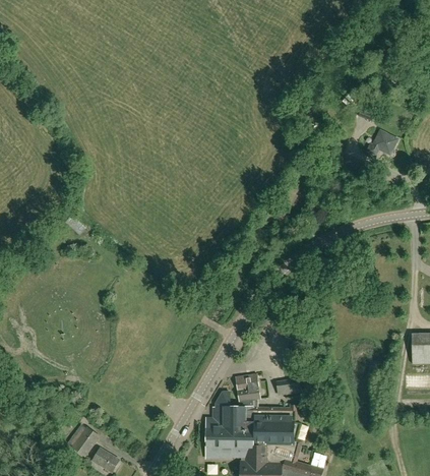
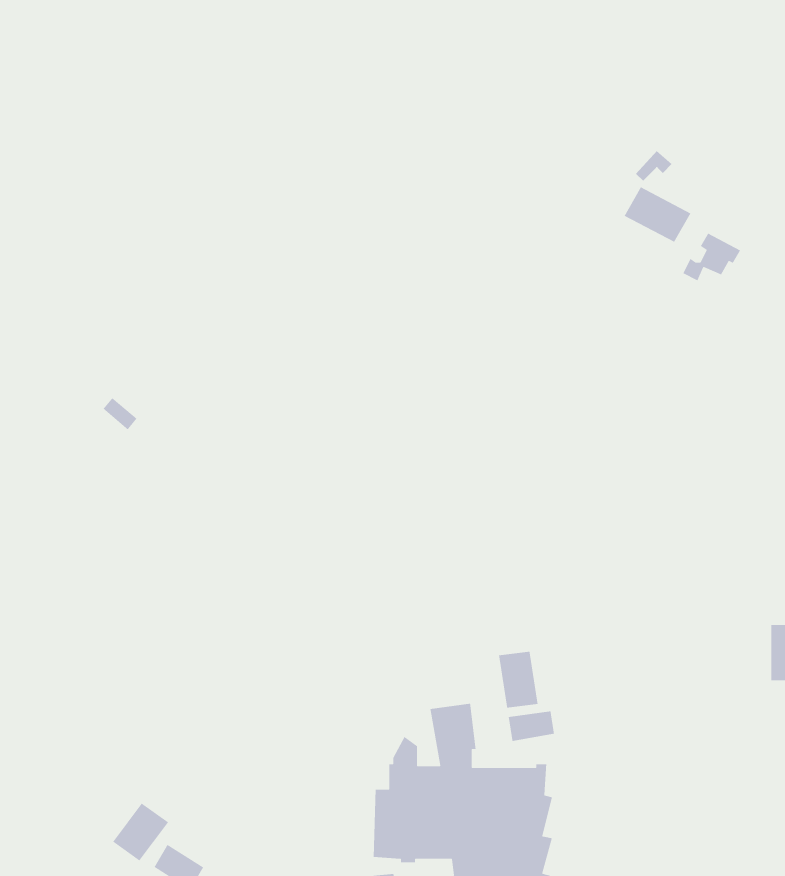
building: none -> [624,186,691,243]
building: none -> [498,651,539,709]

